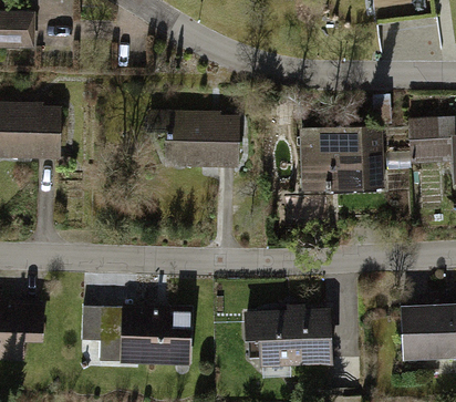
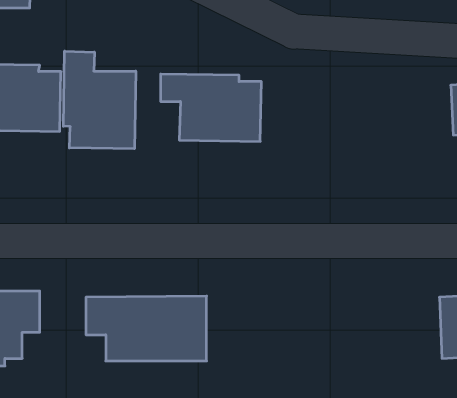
building: none -> [63,51,136,149]
building: [299,123,385,190] -> none
building: [239,307,334,367] -> none

